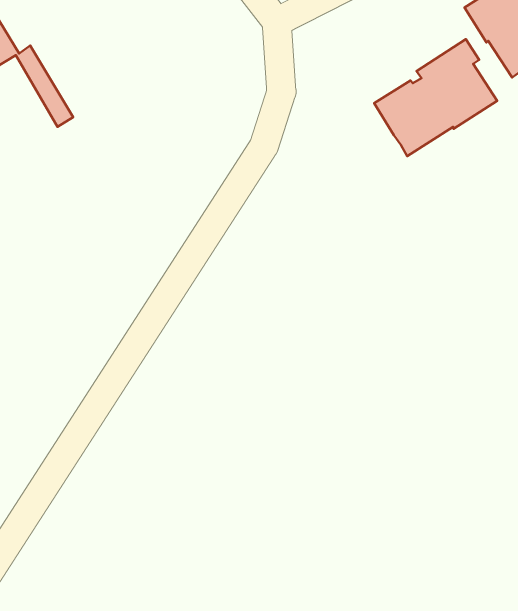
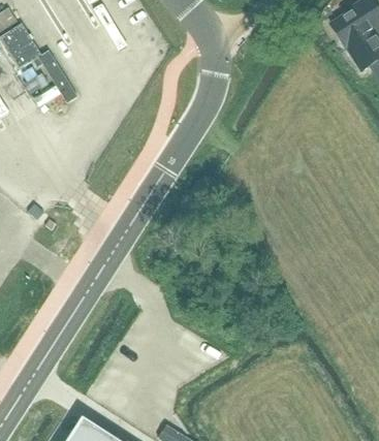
building: [374,39,497,156] -> none

